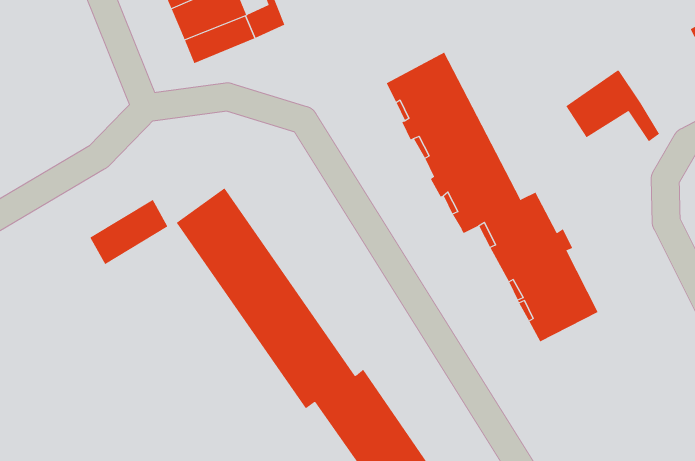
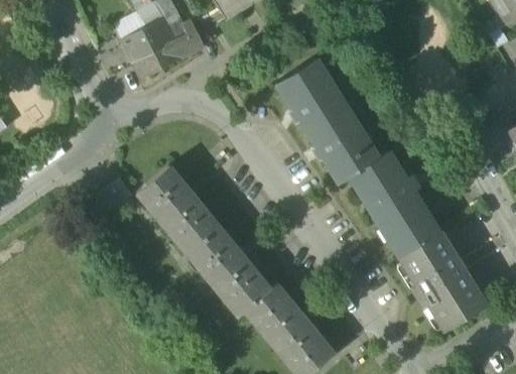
building: [565,70,660,142] -> none
building: none -> [400,231,487,331]

